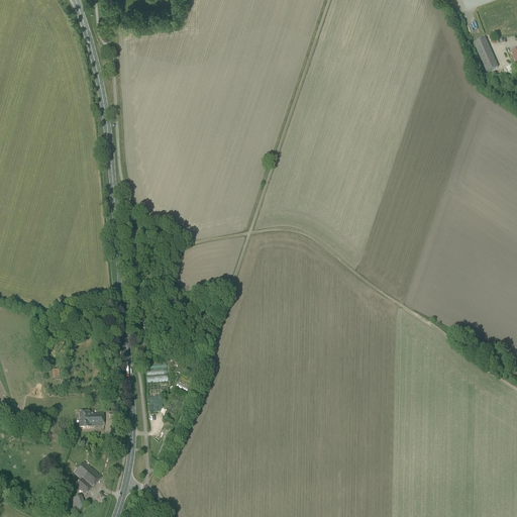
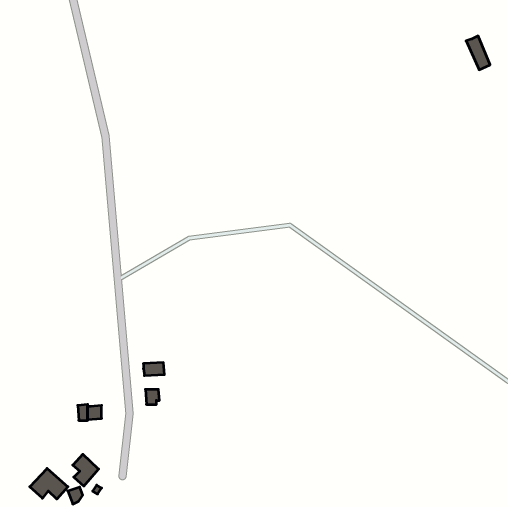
building: none -> [30,468,68,499]

